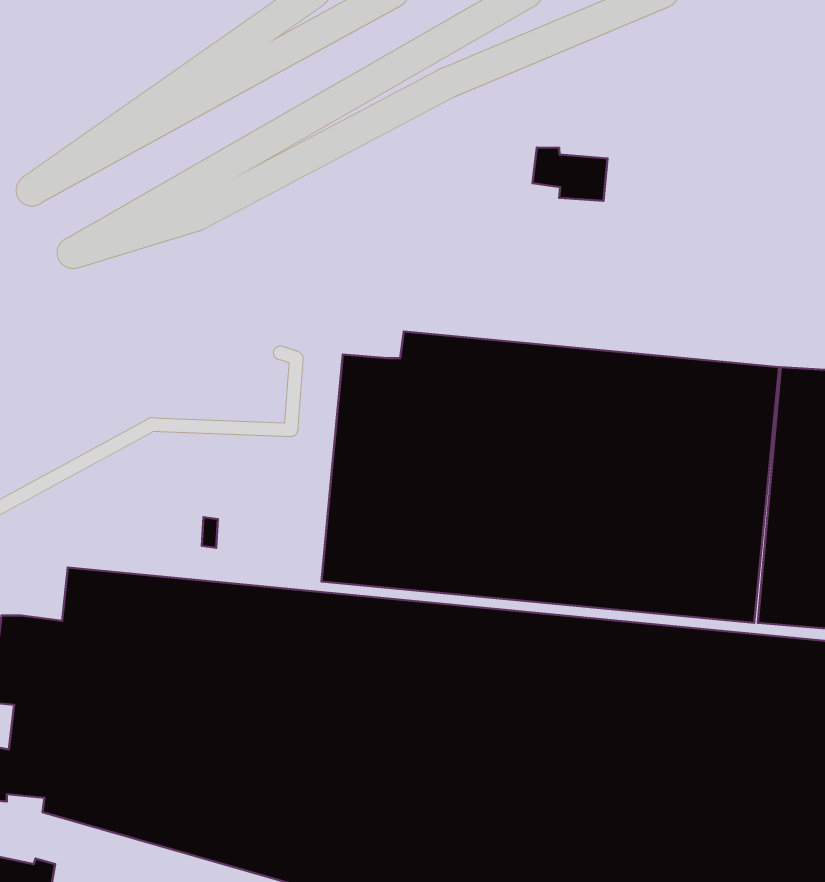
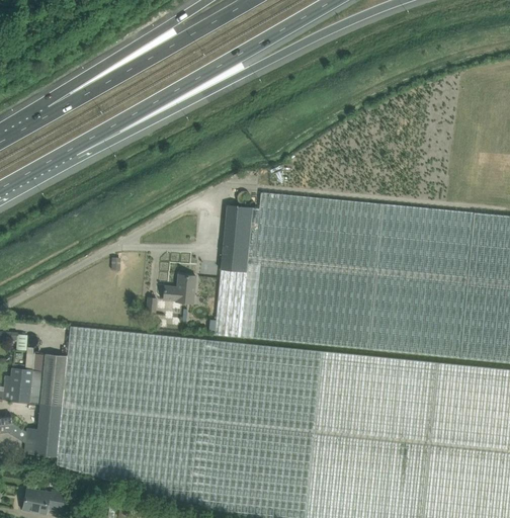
building: [533,147,607,201] -> none
building: none -> [164,274,196,304]

